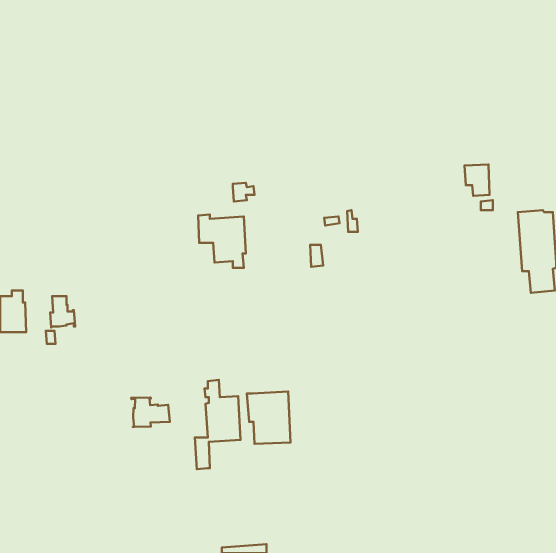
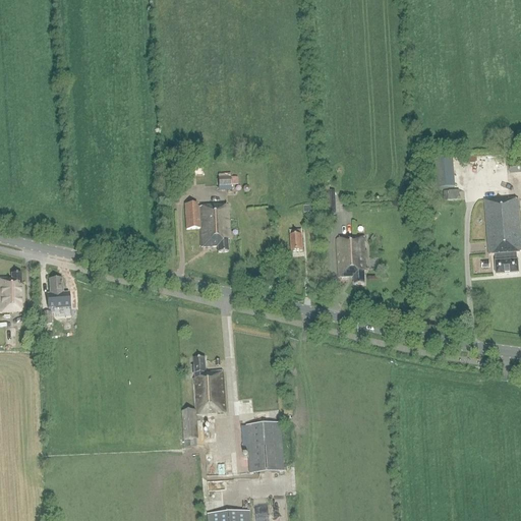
building: none -> [337,236,366,283]
building: [247,391,290,444] -> [240,423,281,472]
building: [131,397,170,427] -> none

